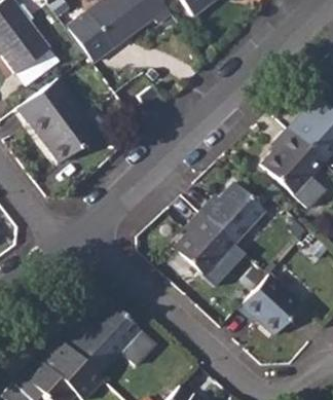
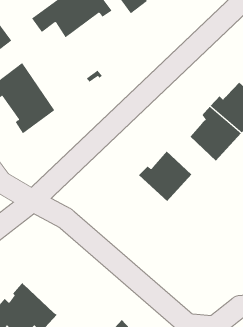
building: [175,212,235,277] -> none
building: [238,276,303,336] -> none
building: [64,300,142,376] -> none

